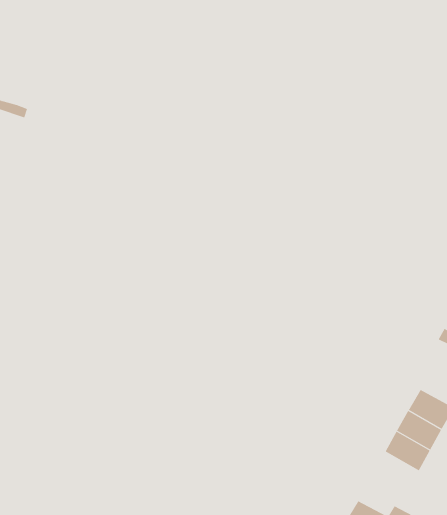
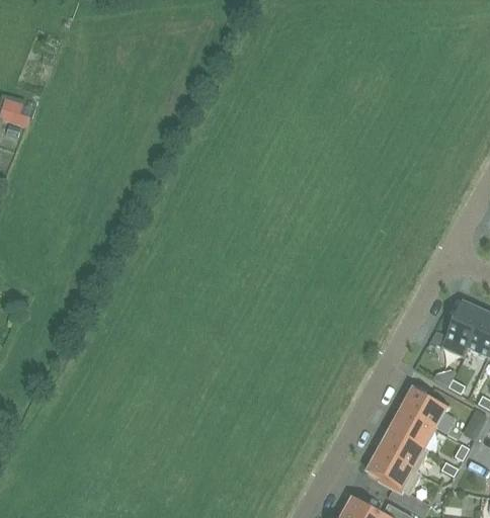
building: none -> [368,449,421,494]

